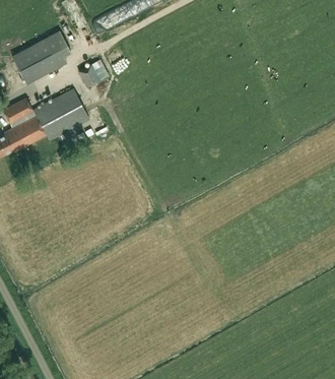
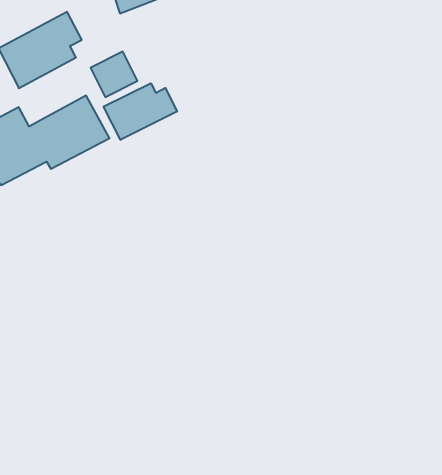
building: none -> [104,83,177,140]

